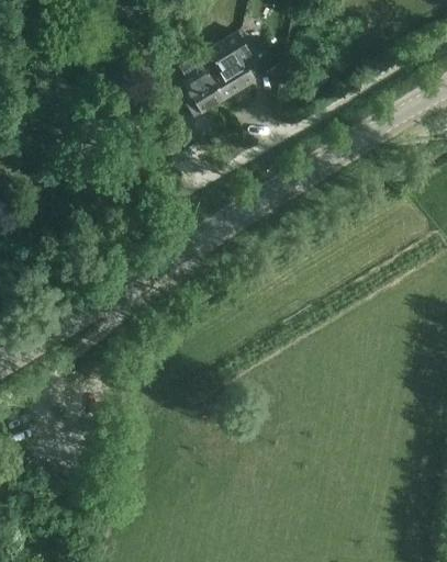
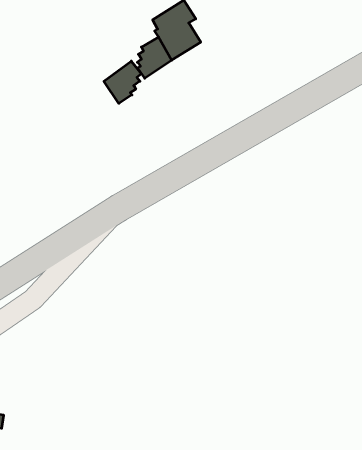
building: none -> [104,61,141,103]

